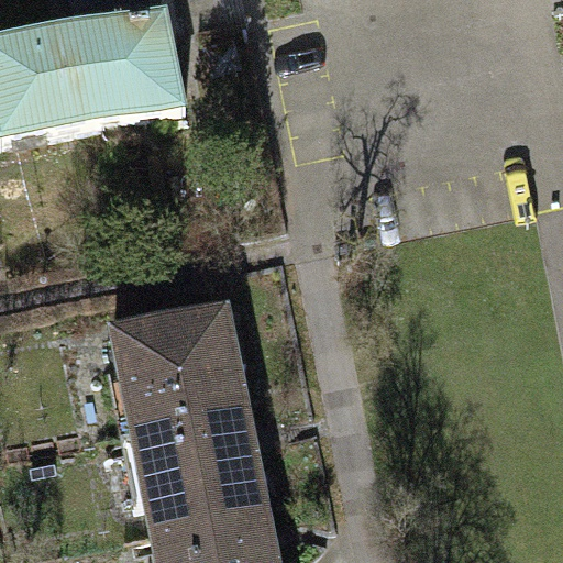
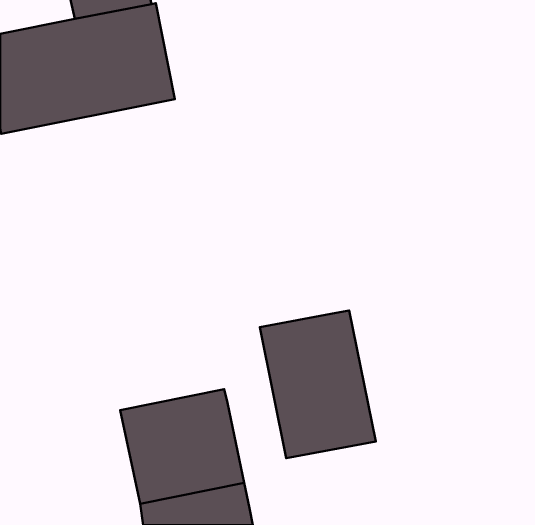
building: [108,303,240,428] -> none
building: none -> [260,311,376,458]

